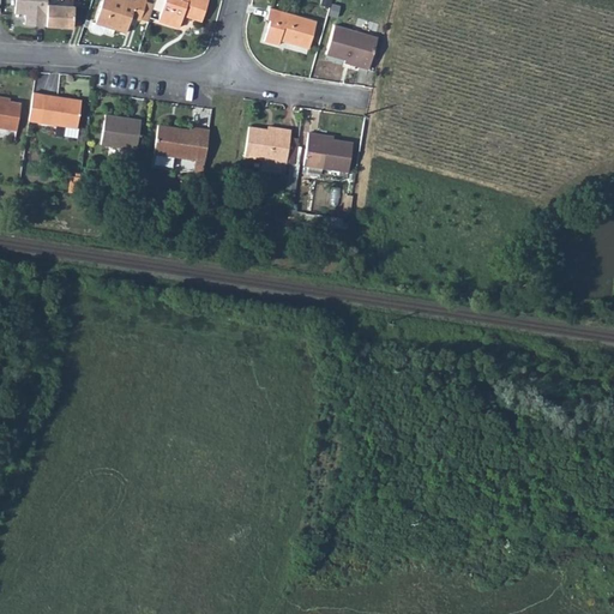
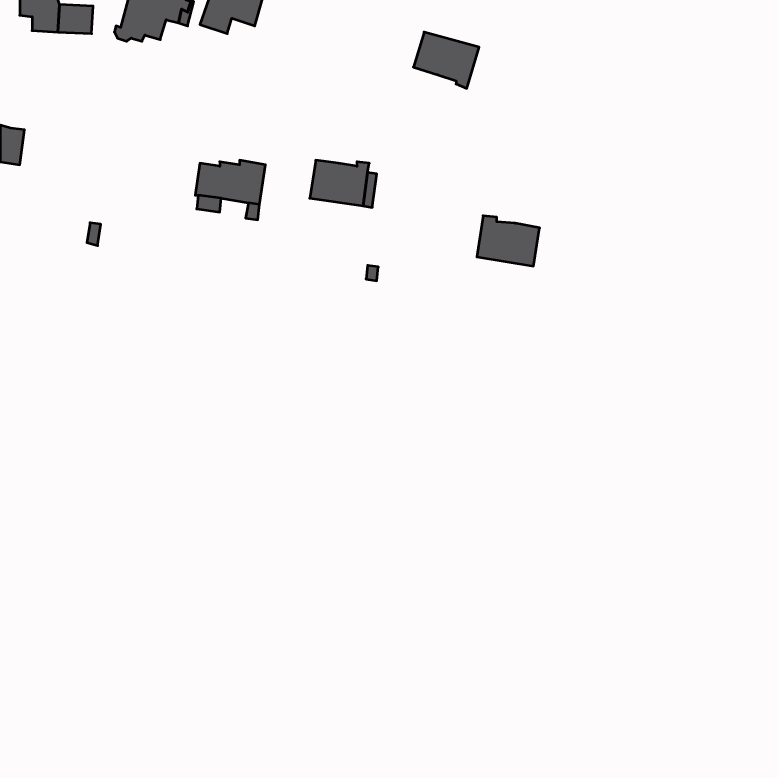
building: [264,7,317,47] -> none
building: [29,92,82,127] -> none
building: [102,115,142,149] -> none
building: [303,132,353,171] -> [477,216,540,266]

